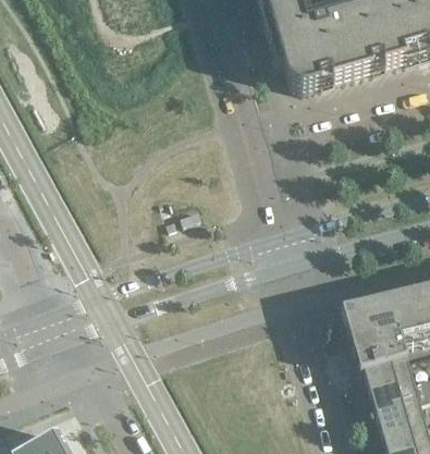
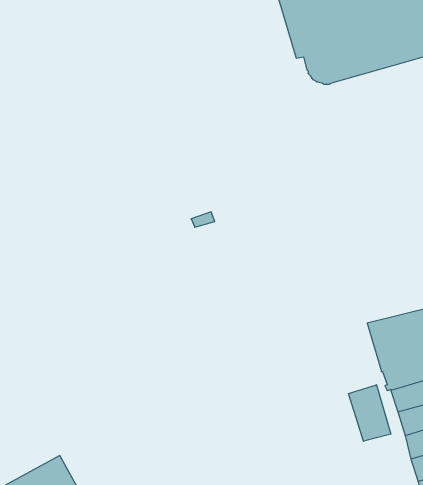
building: none -> [349,385,391,441]

